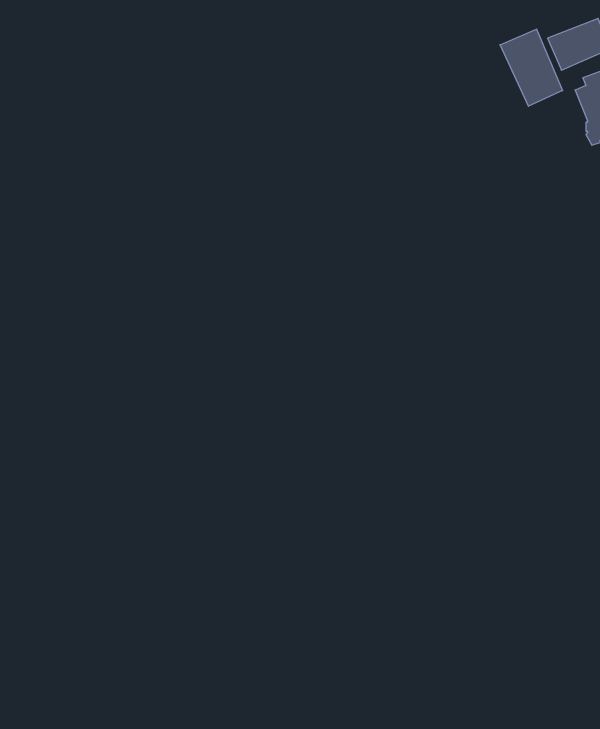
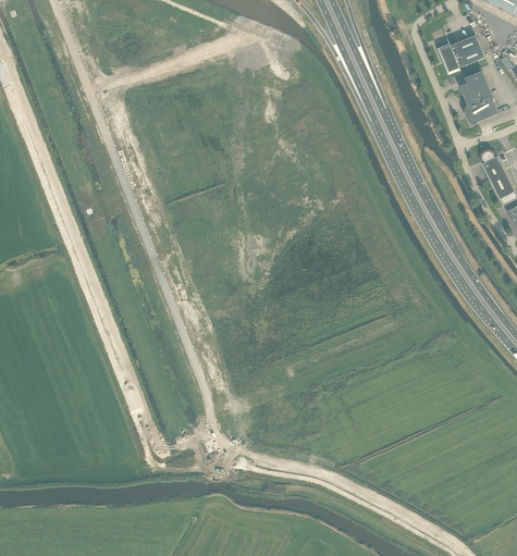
building: [500,29,563,106] -> none

